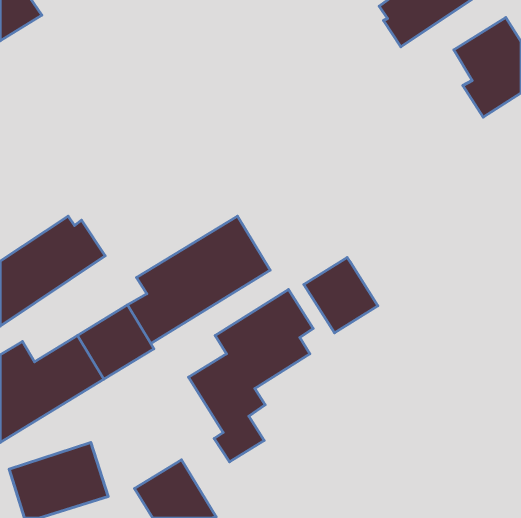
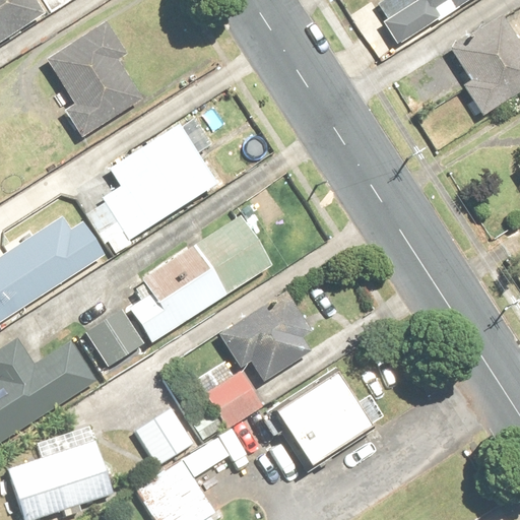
building: none -> [46,23,148,135]
building: none -> [83,124,217,252]
building: [304,257,378,333] -> none
building: none -> [272,370,374,467]
building: none -> [137,408,192,465]

